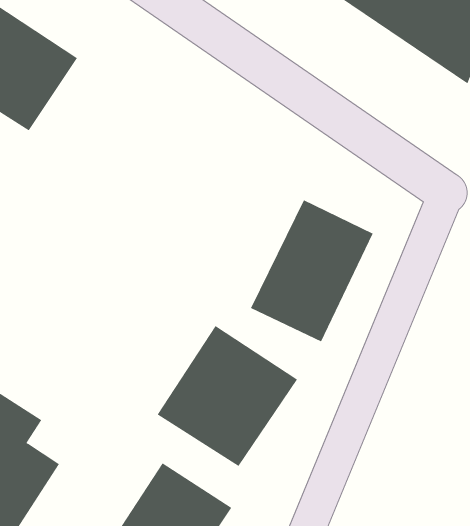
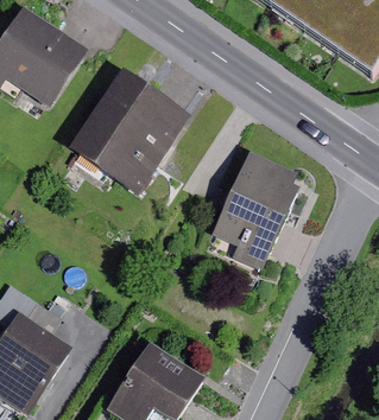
building: none -> [70,70,192,195]
building: [157,325,298,467] -> none

